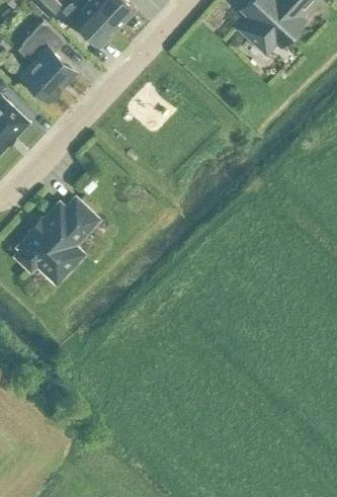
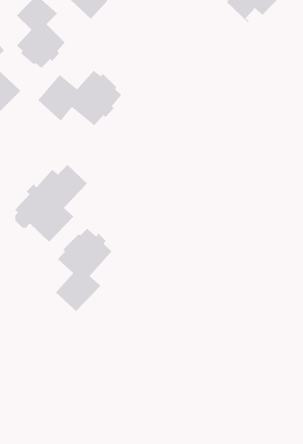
building: none -> [37,70,122,126]
building: none -> [55,228,112,312]

